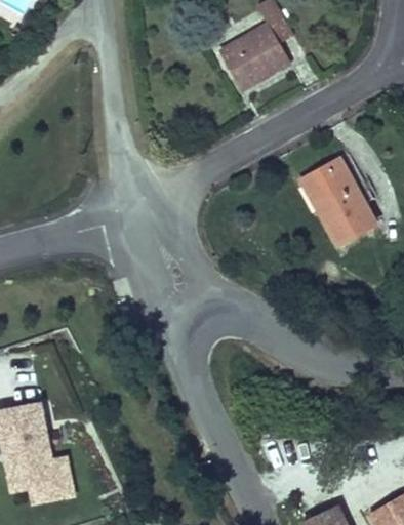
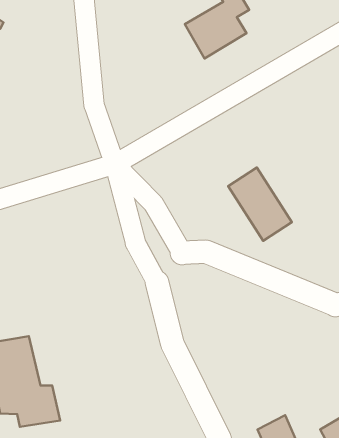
building: [305,155,377,239] -> [228,167,292,241]

